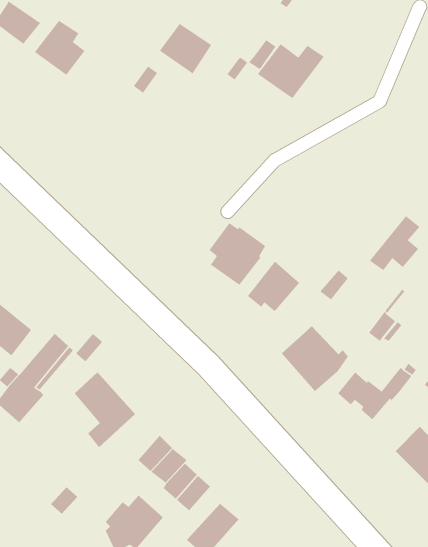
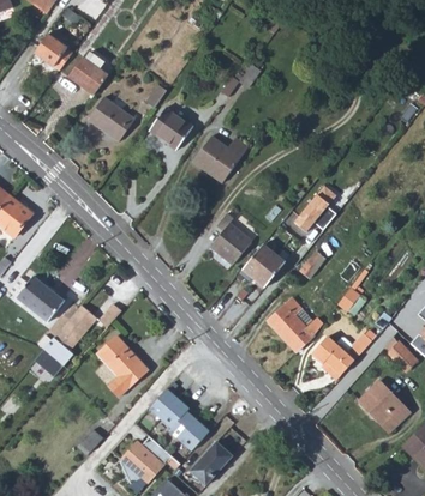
building: [159,23,212,75] -> [150,110,193,152]
building: [257,43,325,99] -> [193,139,249,185]
building: none -> [89,101,137,145]
building: [369,215,421,271] -> [293,187,335,232]

